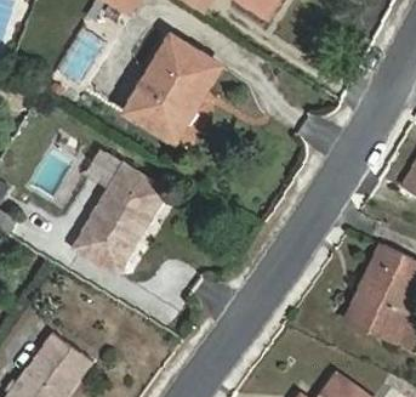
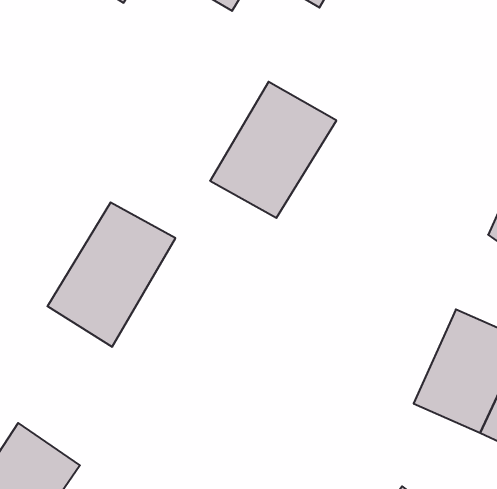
building: [127,38,222,140] -> [210,82,336,218]

